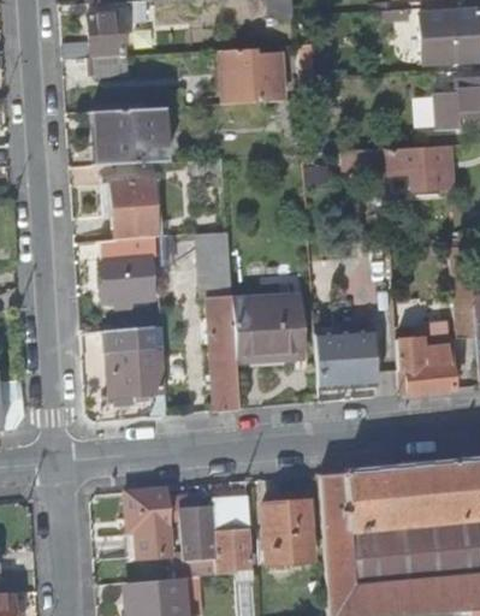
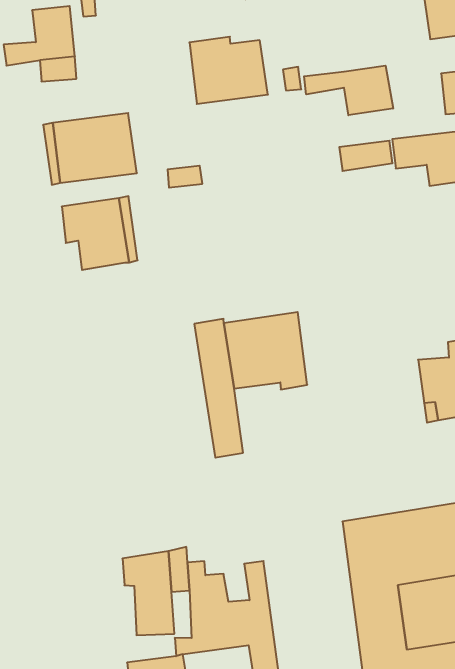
building: none -> [304,66,393,115]
building: [197,230,232,294] -> none
building: [99,237,153,303] -> none
building: [102,326,165,396] -> none
building: [315,326,377,385] -> none
building: [272,500,314,562] -> none

